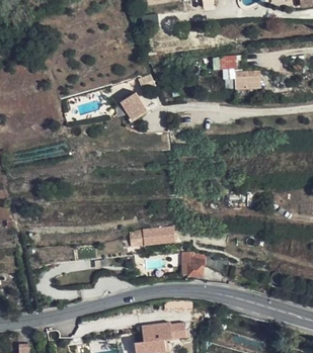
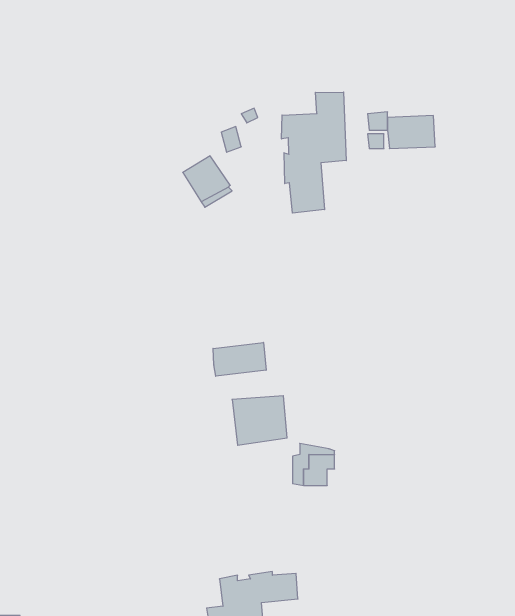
building: none -> [282,92,346,213]
building: none -> [213,342,266,376]

